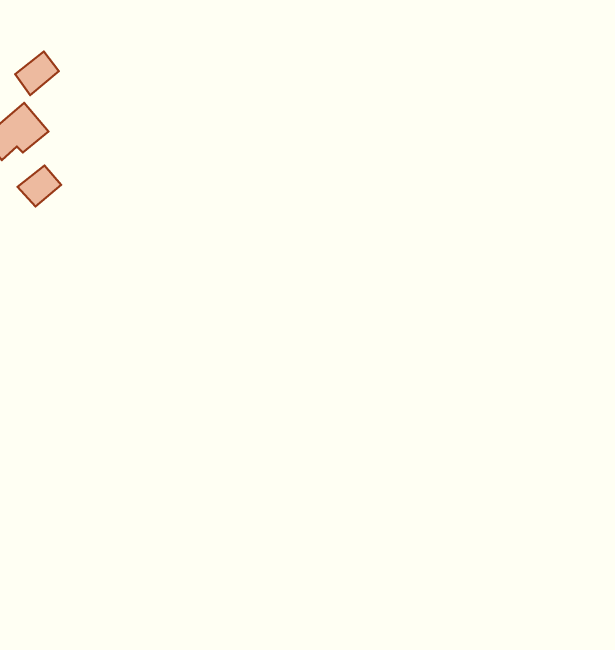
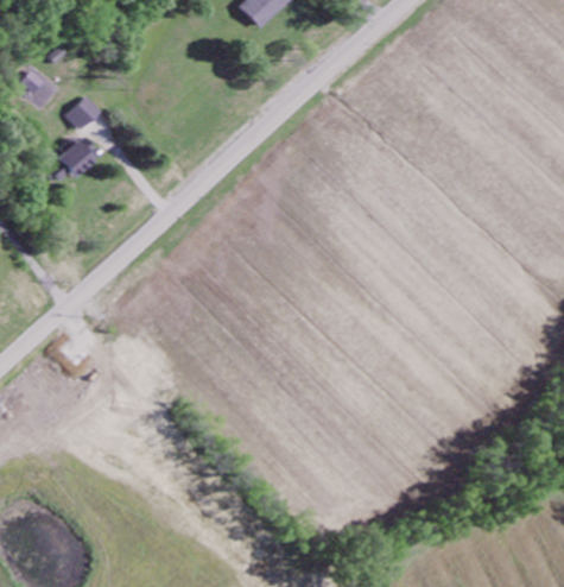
building: [17,166,61,206] -> none

